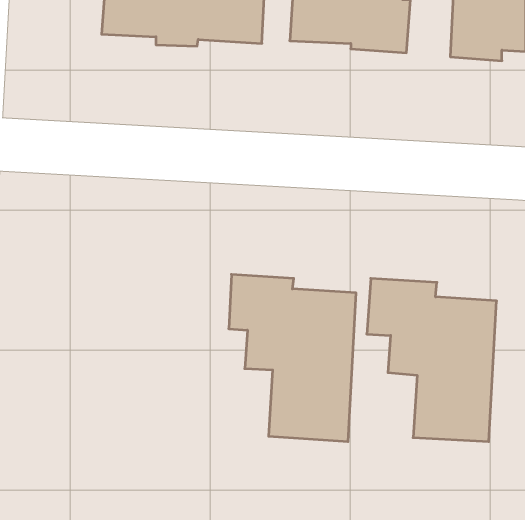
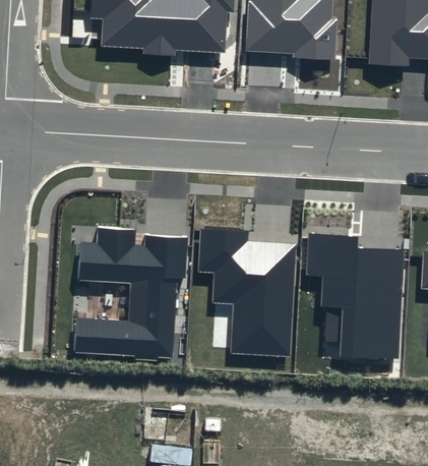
building: none -> [73,226,187,357]

